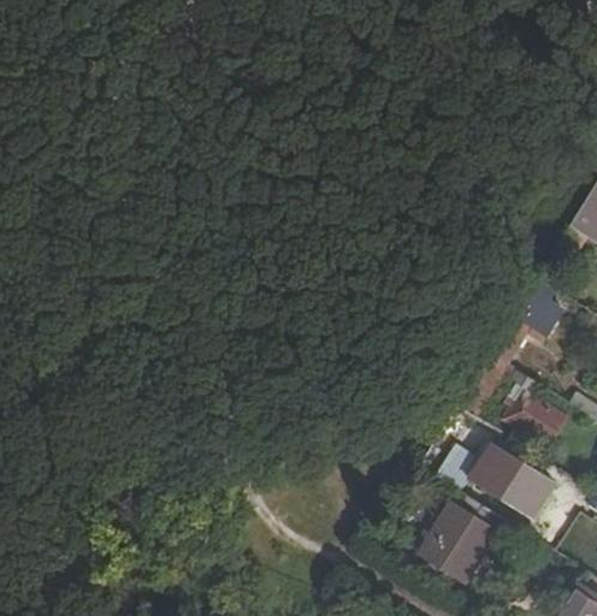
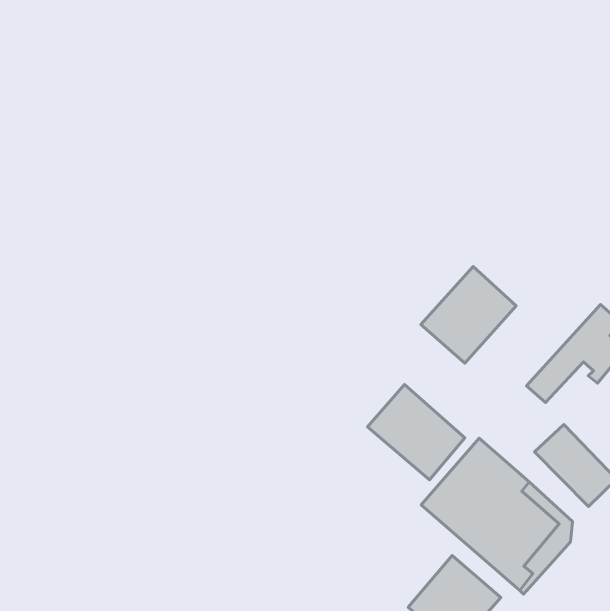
building: none -> [421,267,516,363]
building: none -> [368,385,465,480]

